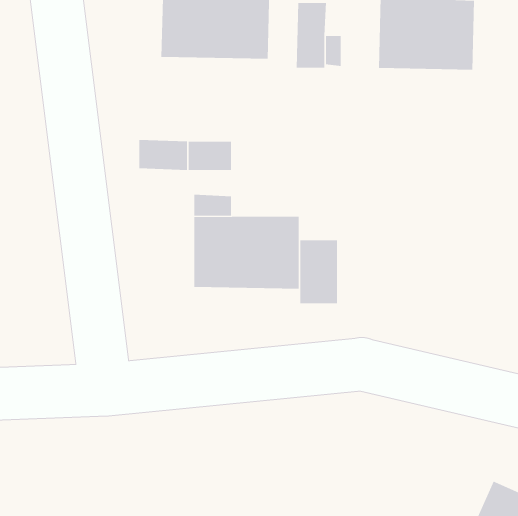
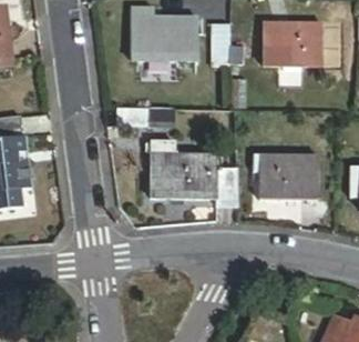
building: none -> [263,157,319,200]

